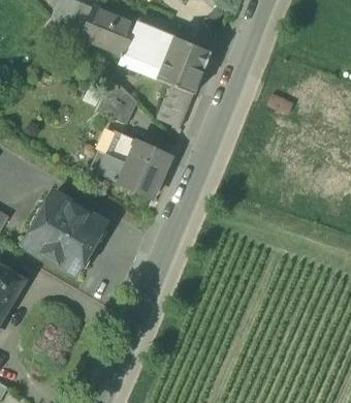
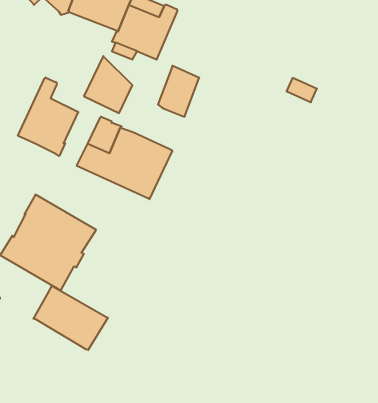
building: [158,37,212,94] -> none
building: none -> [18,77,78,156]
building: none -> [33,286,108,350]

